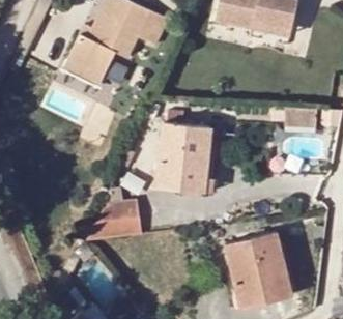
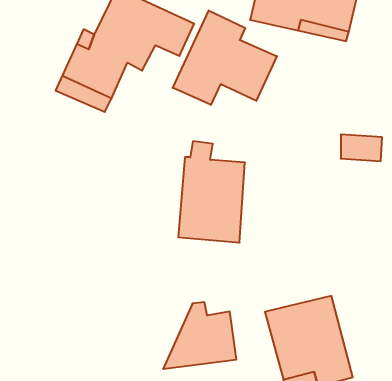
building: none -> [173,10,277,105]
building: [87,188,144,240] -> [163,302,236,369]

